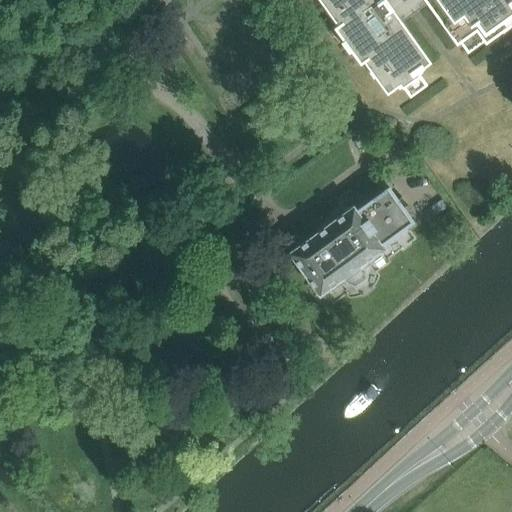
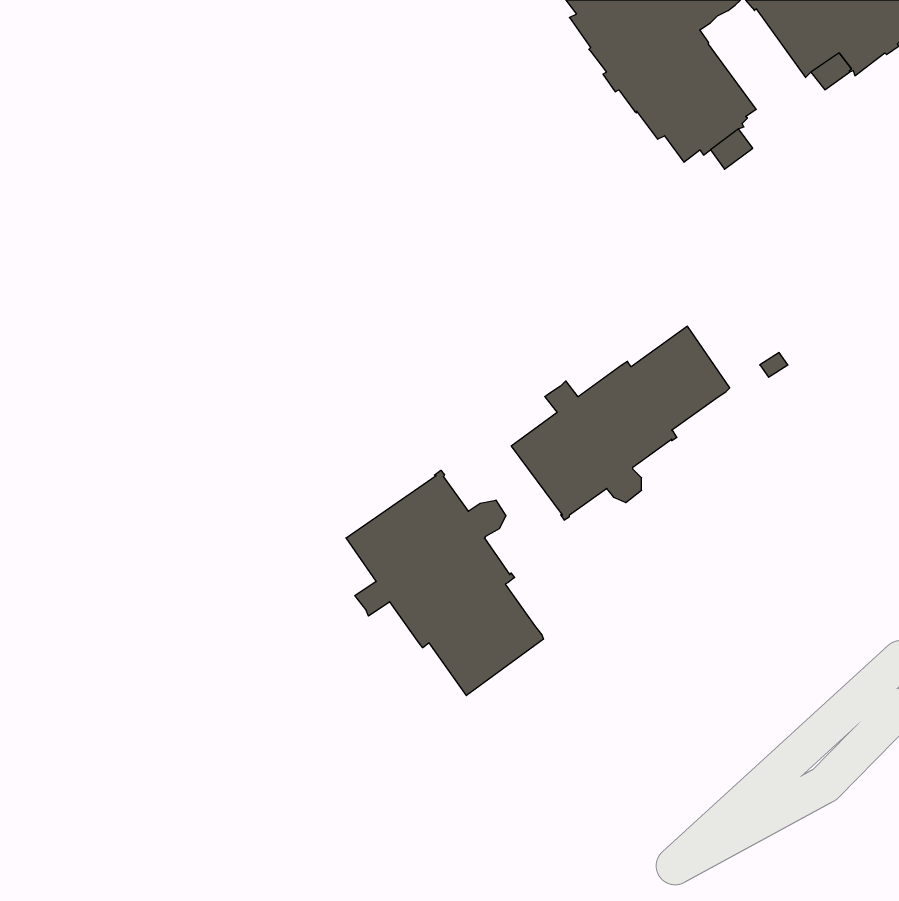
building: none -> [346,470,544,696]

